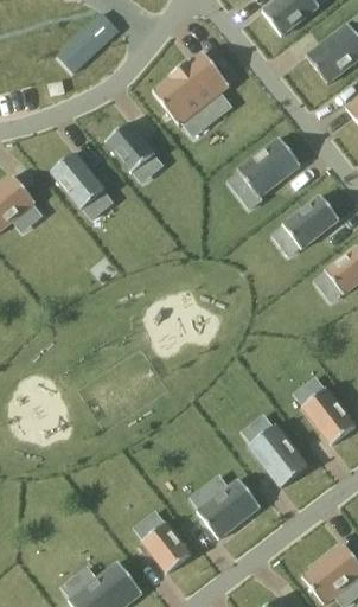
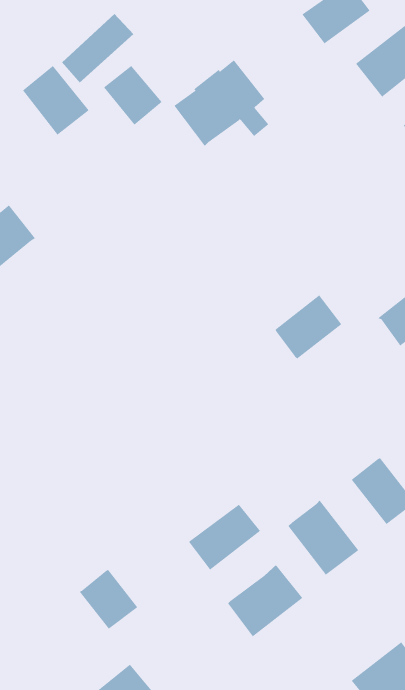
building: [107,120,156,171] -> [103,65,162,126]
building: [238,136,302,197] -> none
building: [52,148,109,207] -> [22,65,90,136]
building: [283,193,340,248] -> [275,295,342,359]
building: none -> [188,504,261,570]
building: [142,520,192,571] -> [79,569,138,630]

